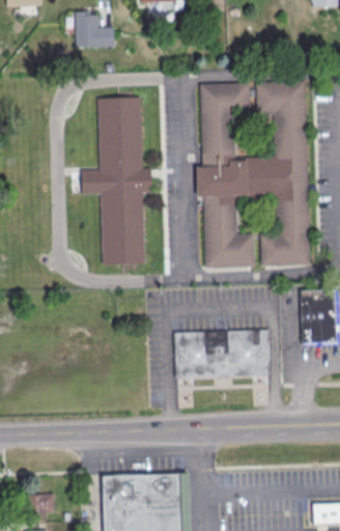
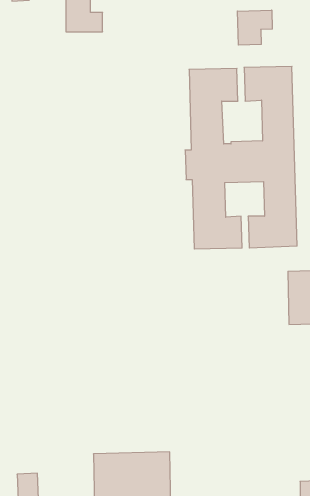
building: none -> [237,10,272,45]
building: [81,96,151,264] -> none
building: [174,329,270,376] -> none

